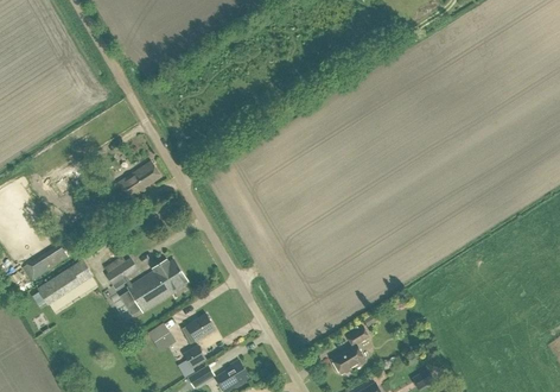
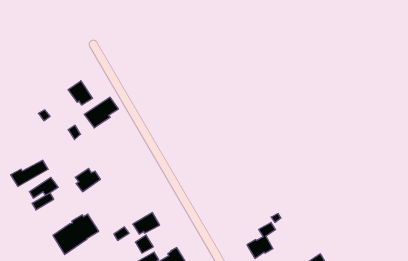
building: none -> [68,81,93,105]
building: [127,259,187,312] -> [53,214,99,255]

